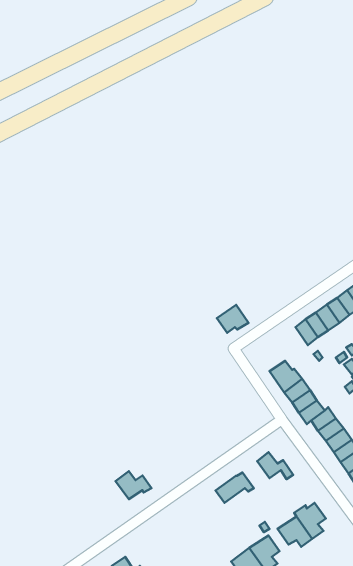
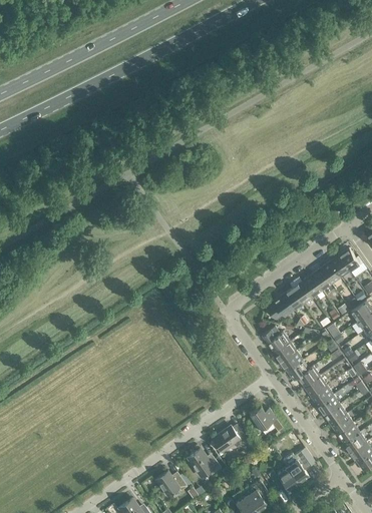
building: [217,305,248,333] -> [267,296,295,321]
building: [115,471,151,499] -> [155,472,188,497]
building: none -> [188,450,221,477]

